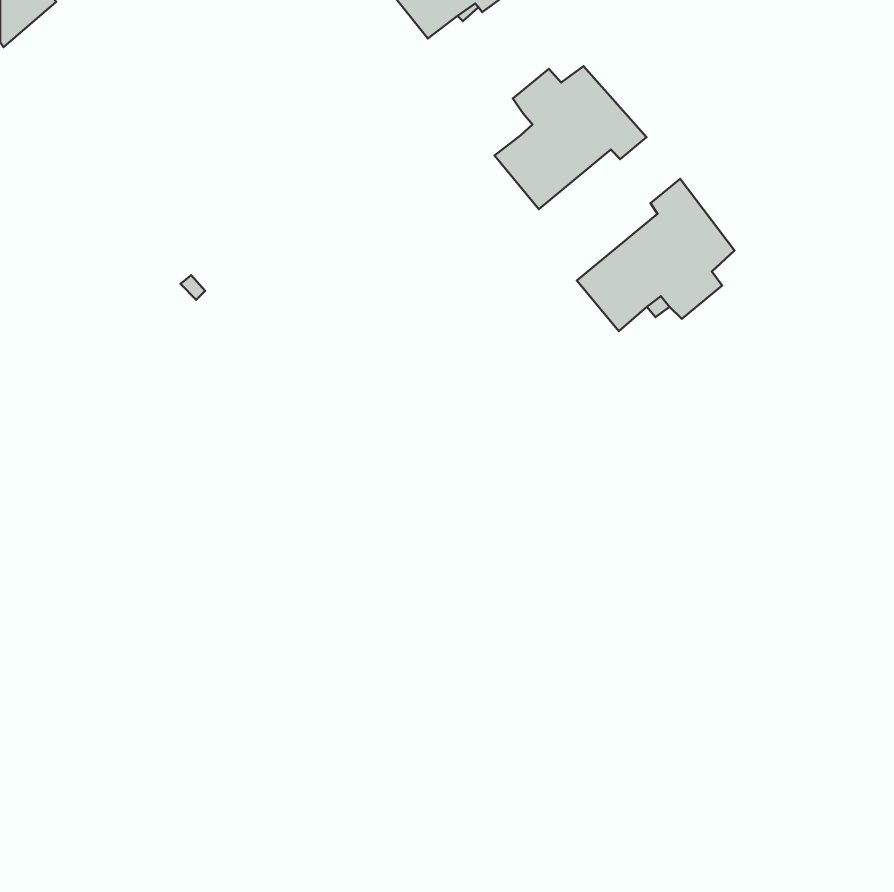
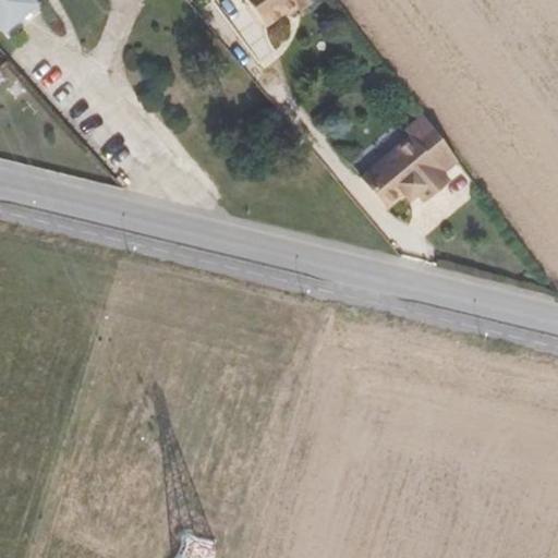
building: [495,66,647,209] -> none

